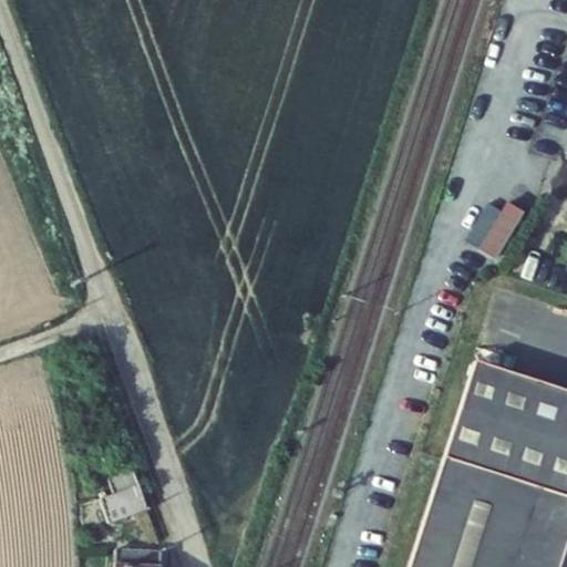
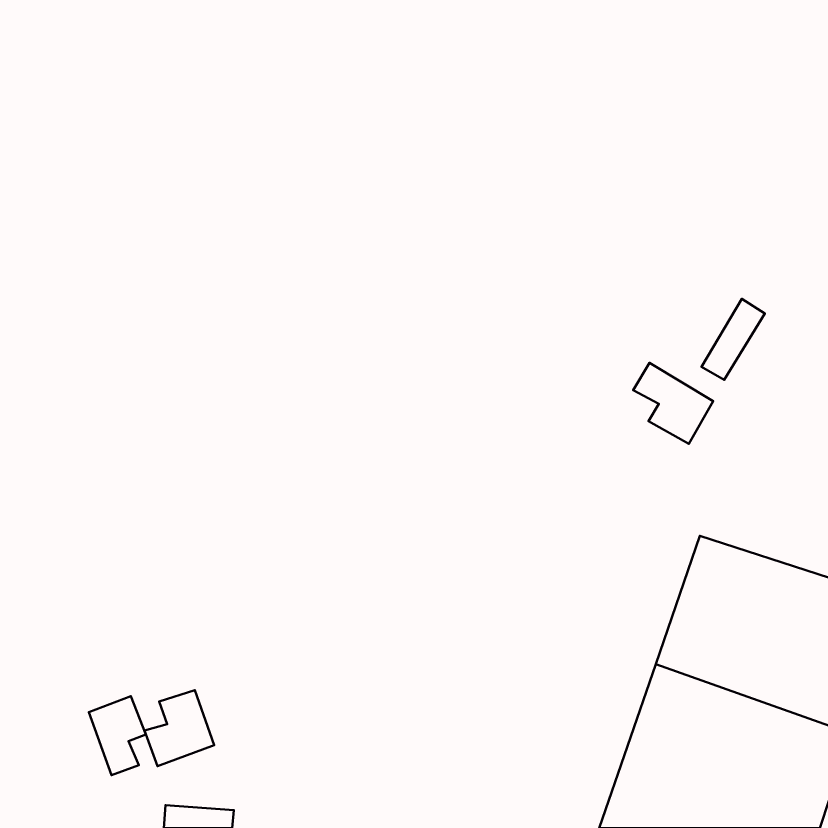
building: none -> [633,363,713,444]
building: none -> [89,696,146,775]

